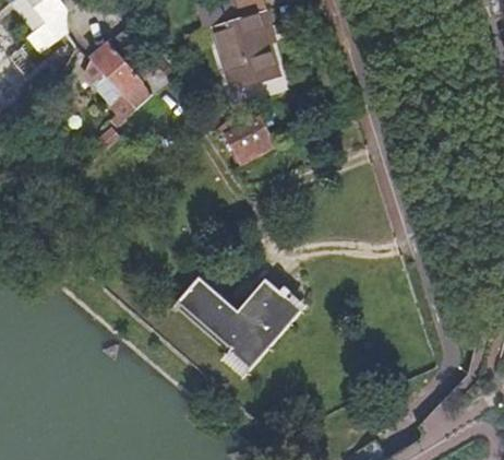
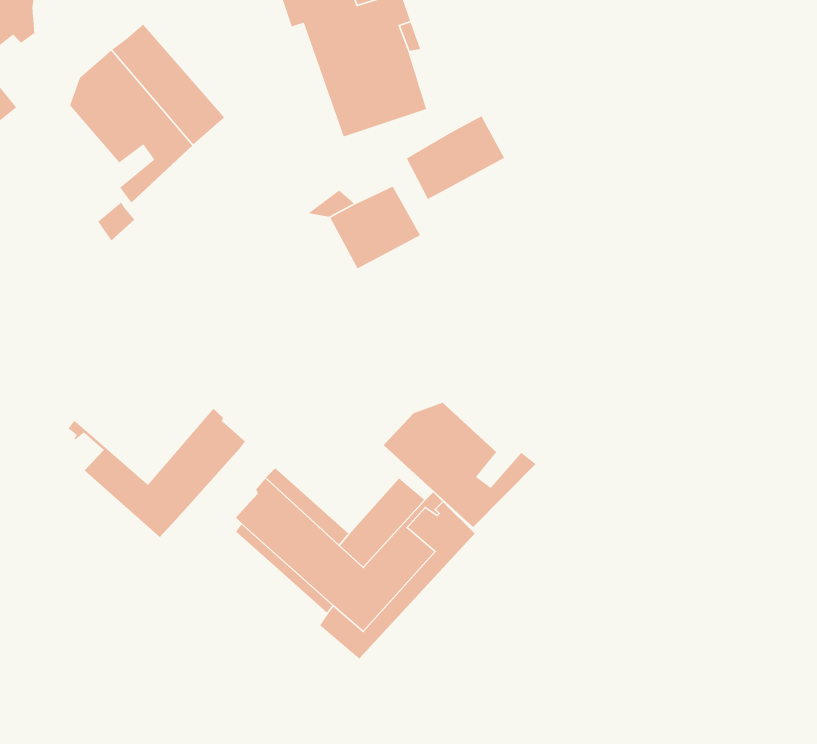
building: none -> [406,115,505,200]
building: none -> [383,402,537,528]
building: none -> [68,408,246,538]

